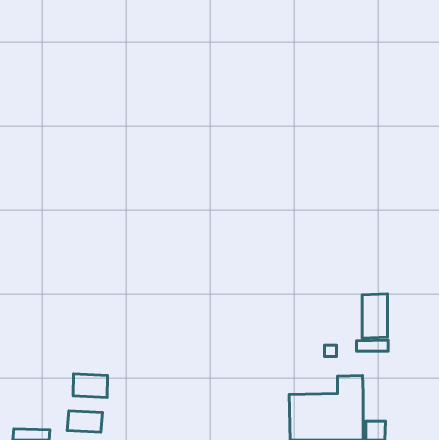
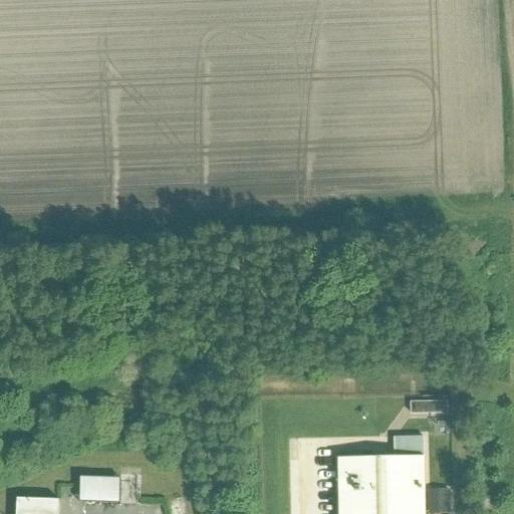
building: [362,294,387,338] -> none
building: [73,374,107,398] -> none

